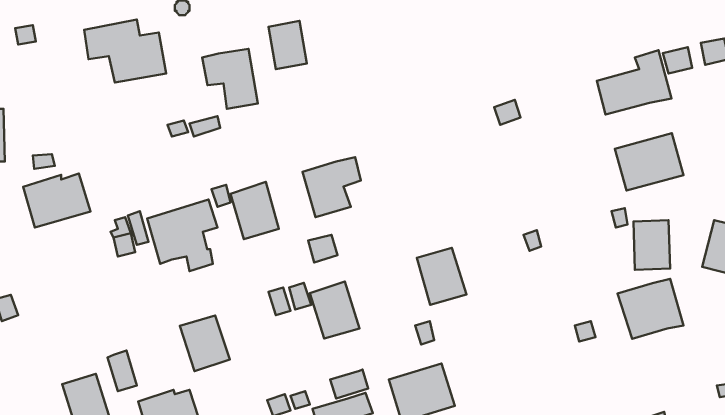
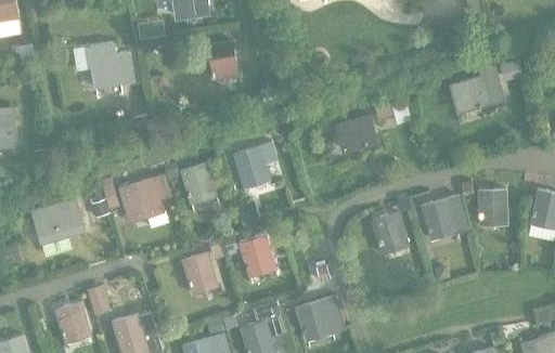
building: [202,49,258,109] -> none
building: none -> [336,116,375,149]
building: [615,133,683,191] -> none
building: [23,173,91,228] -> [33,201,82,241]
building: [417,248,467,305] -> [371,212,408,254]
building: [617,279,683,339] -> [421,195,469,239]
building: [180,315,230,371] -> [181,253,218,295]

